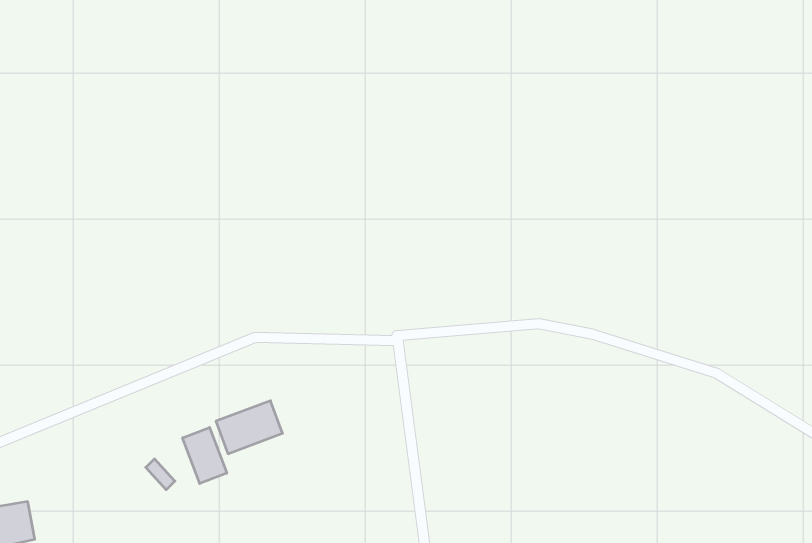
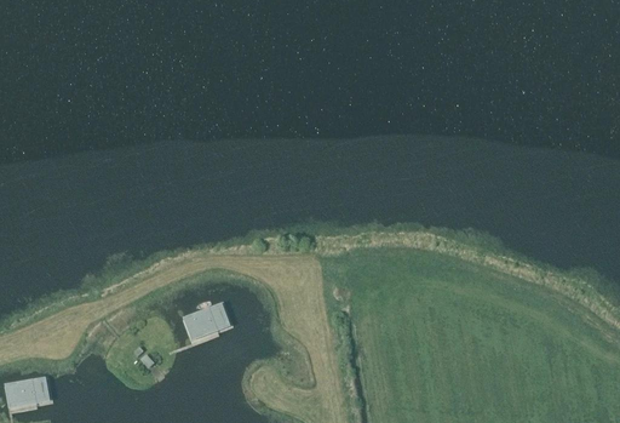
building: [183,427,227,484] -> none

